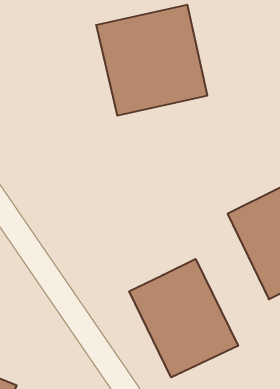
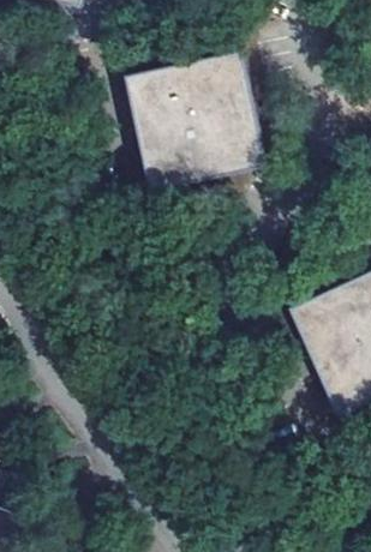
building: [129,259,238,377] -> none

